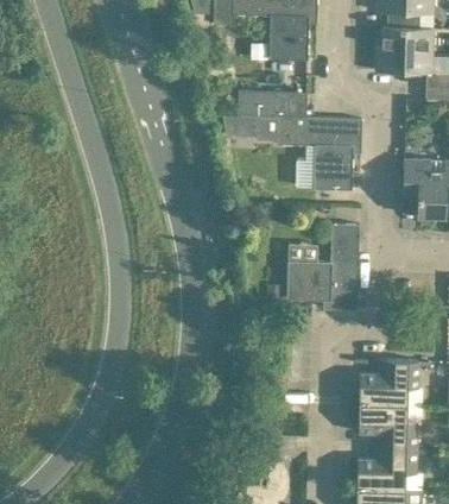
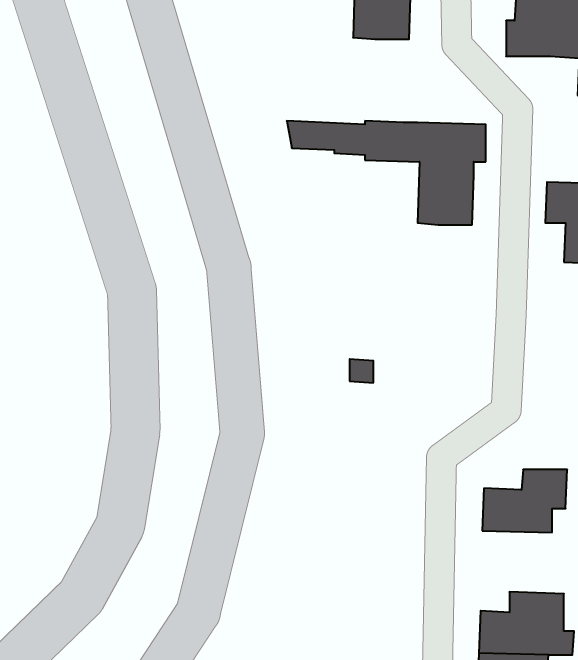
building: [241,89,305,115] -> none
building: [286,221,359,307] -> none
building: [358,401,417,445] -> none

